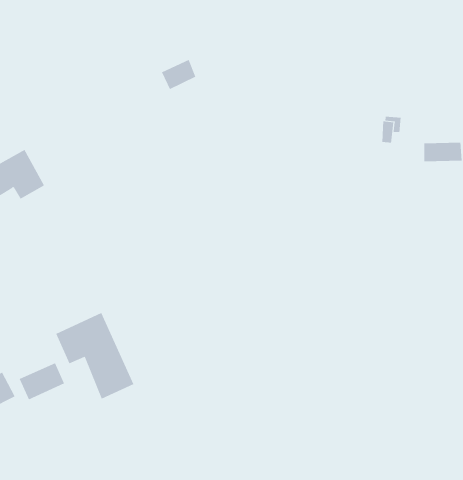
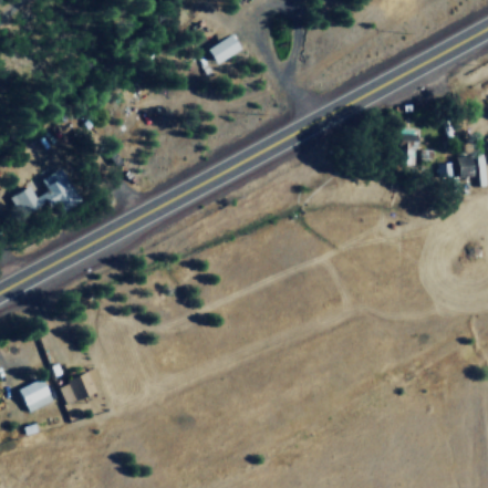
building: [161,59,196,90] -> [211,35,245,64]
building: [56,312,134,400] -> none

